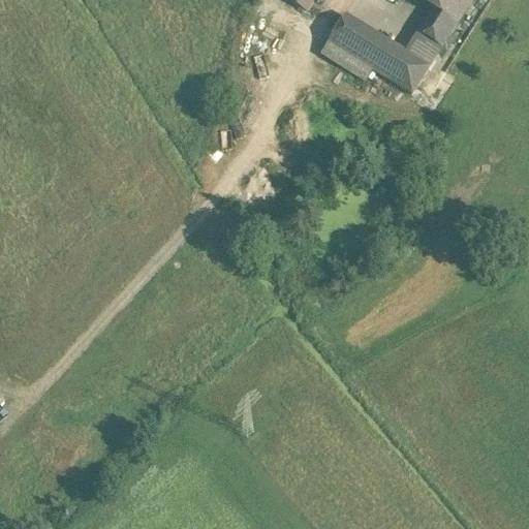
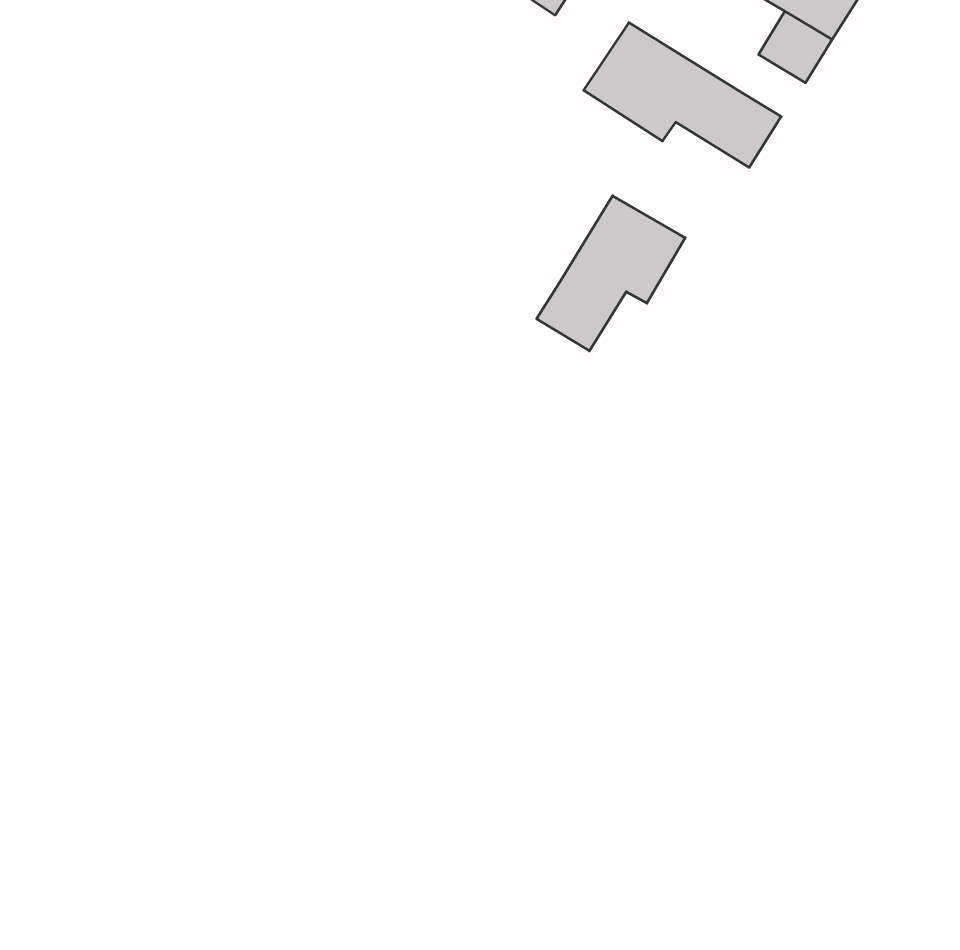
building: [405,30,442,64] -> none
building: none -> [537,196,685,351]

